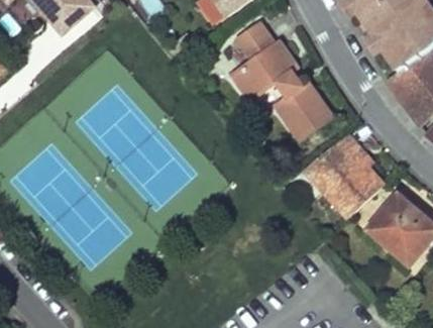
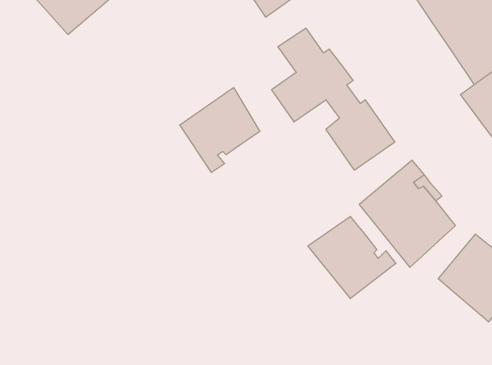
building: none -> [180,88,260,172]
building: none -> [308,216,396,299]

